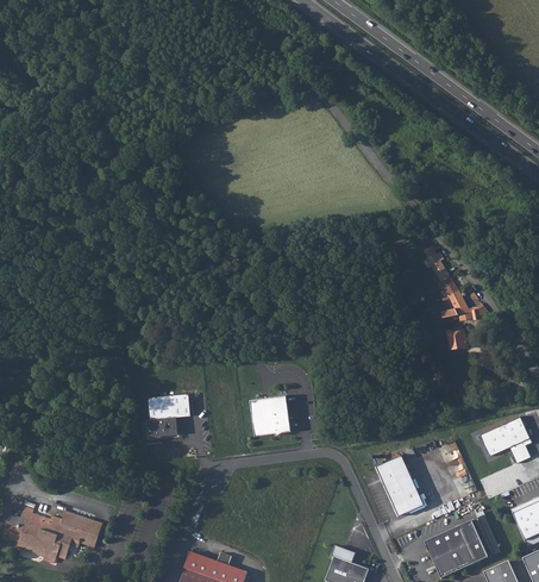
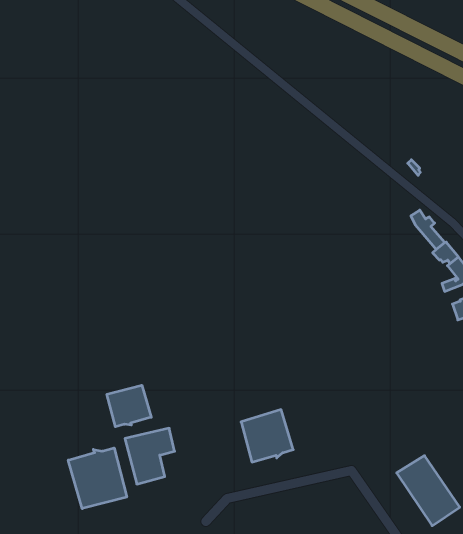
building: none -> [107,385,151,427]
building: none -> [68,448,127,509]

